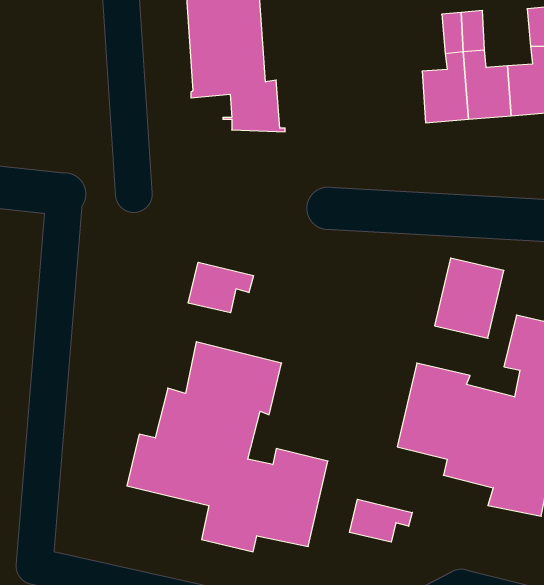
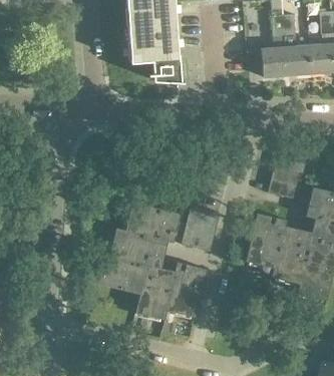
building: [188,262,253,313] -> none
building: none -> [183,205,222,251]
building: [349,499,412,542] -> none

